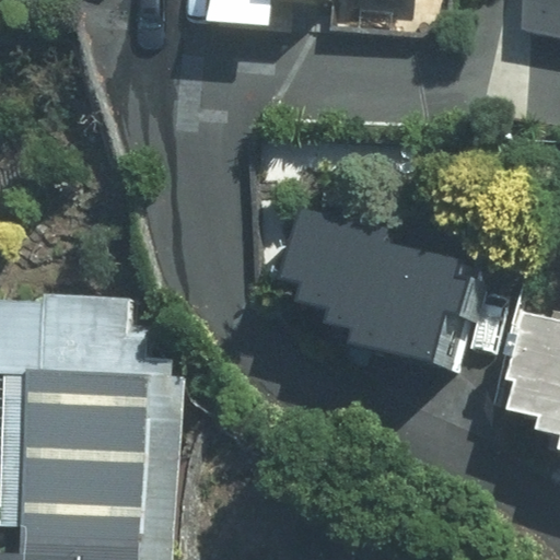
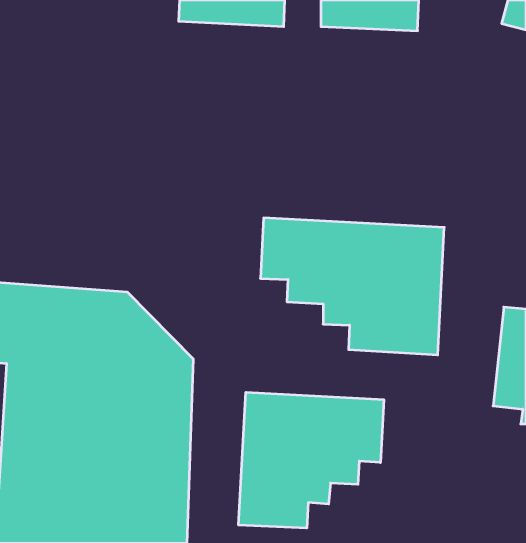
building: none -> [239,392,384,528]

